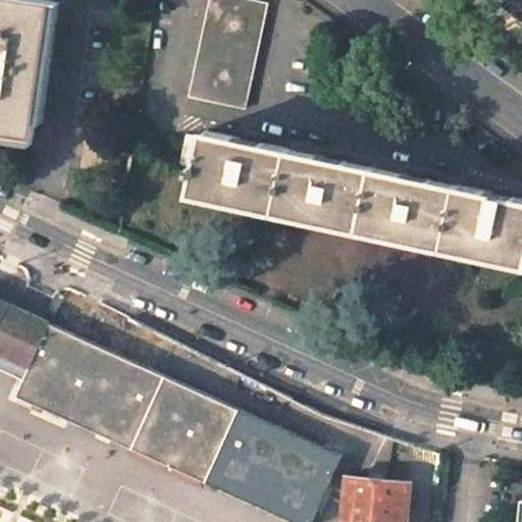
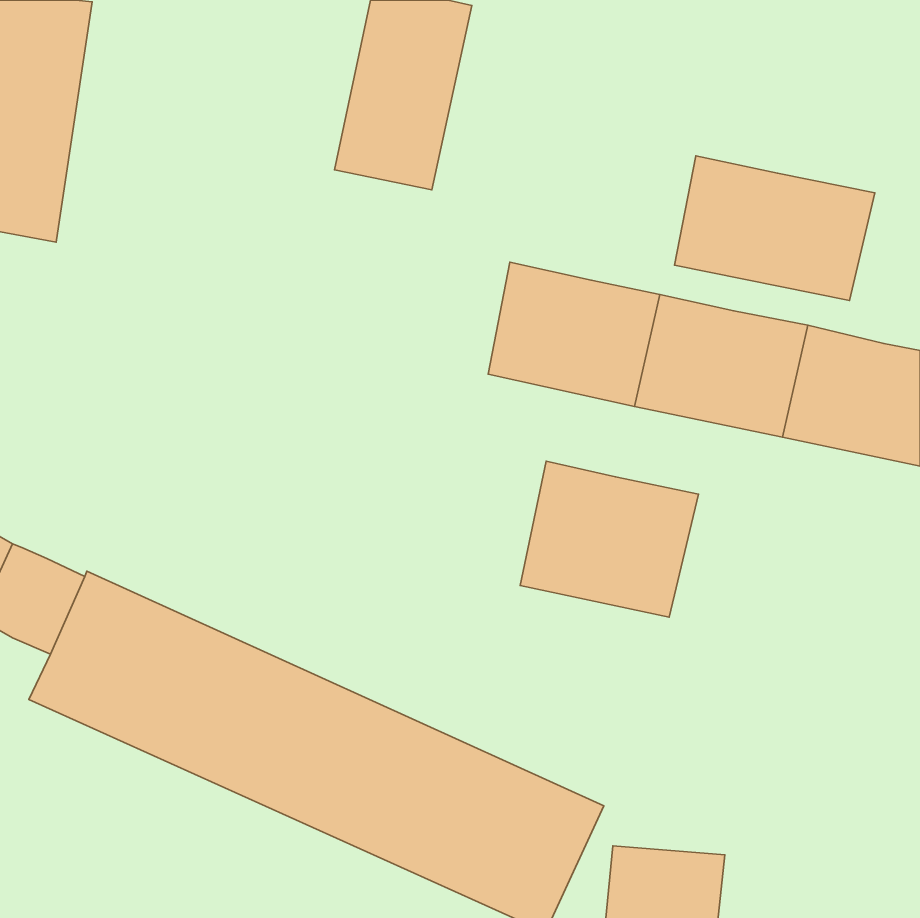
building: none -> [674,156,875,301]
building: [180,134,288,214] -> none
building: none -> [520,461,698,617]

